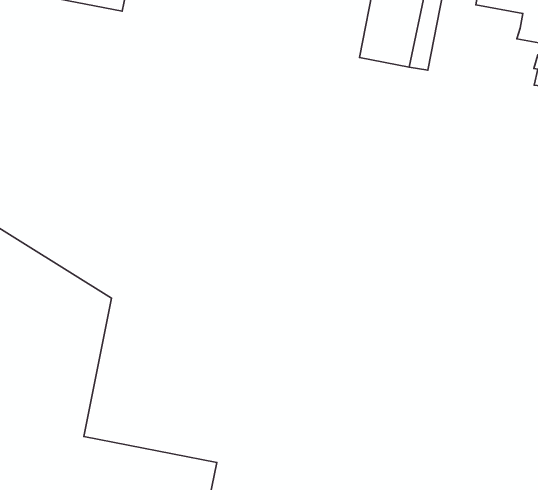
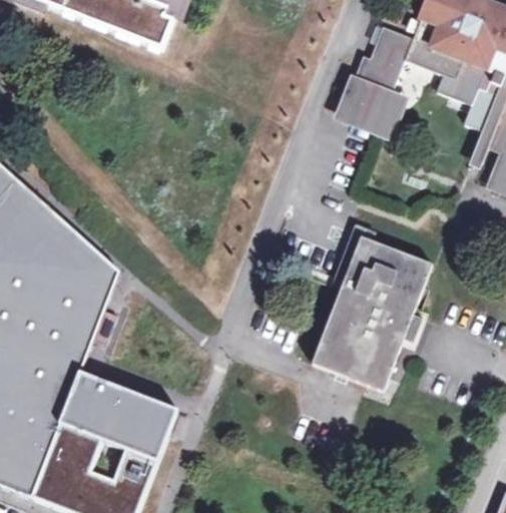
building: none -> [313,236,431,389]

